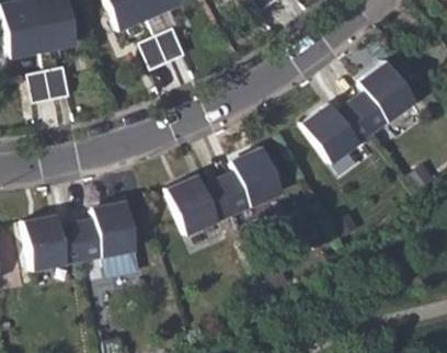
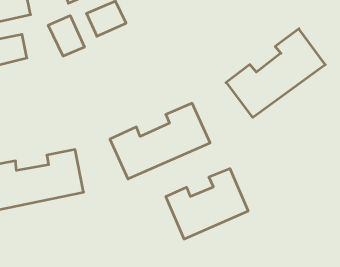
building: none -> [48,16,84,56]
building: none -> [166,169,248,239]

